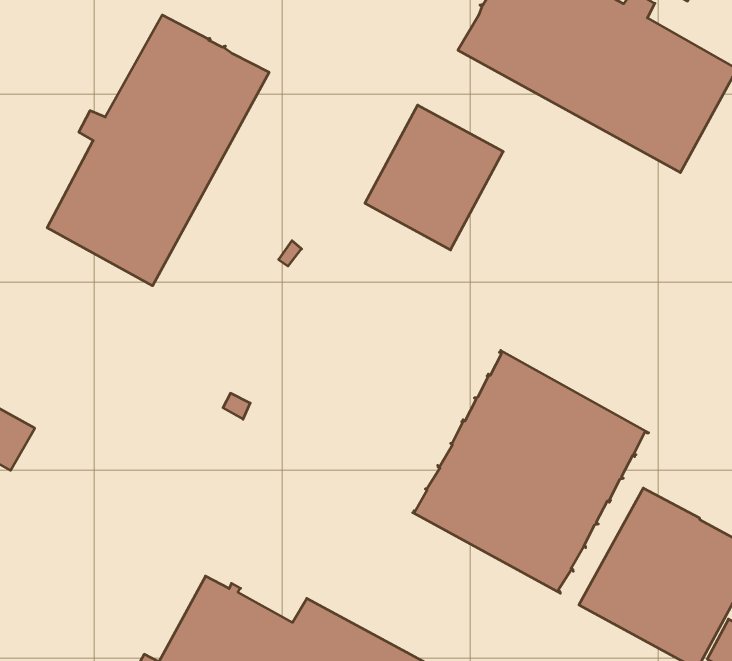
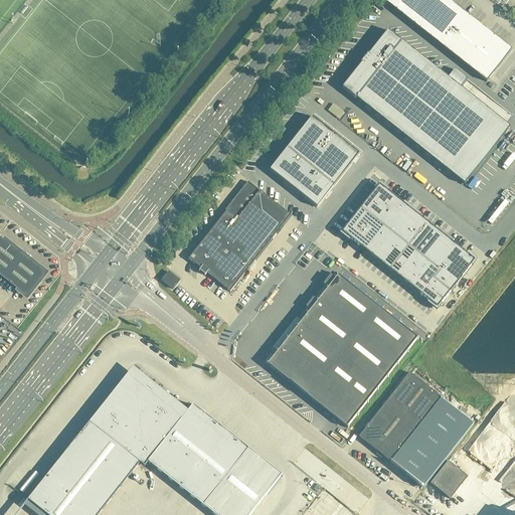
building: [47,15,269,286] -> none
building: none -> [340,180,477,308]
building: none -> [188,178,291,289]

